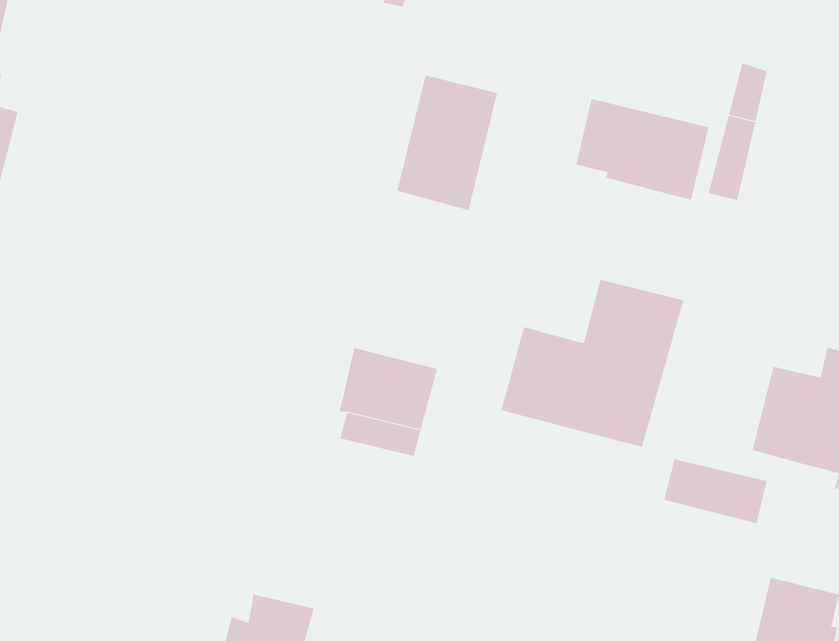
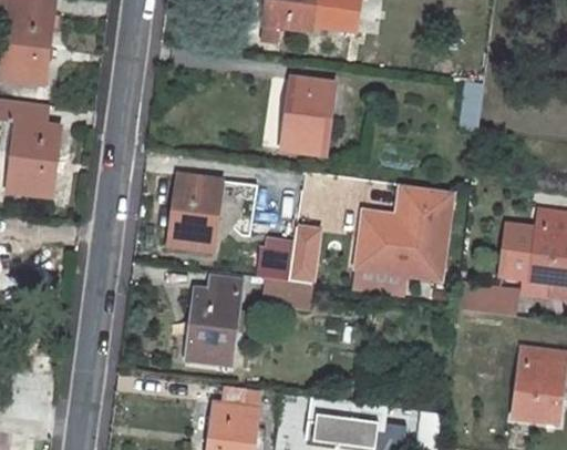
building: [576,98,709,200] -> none
building: none -> [168,177,221,252]
building: none -> [186,278,257,366]

